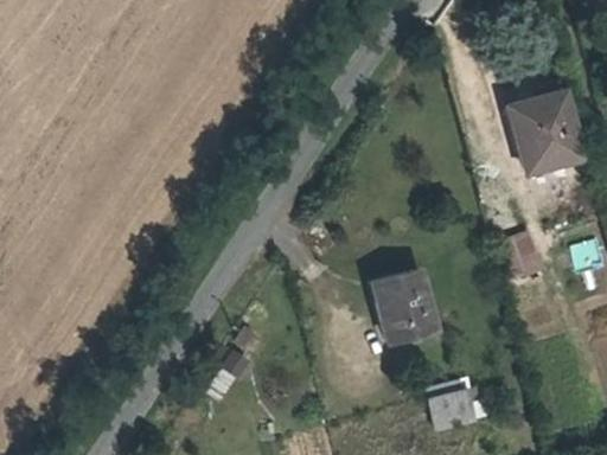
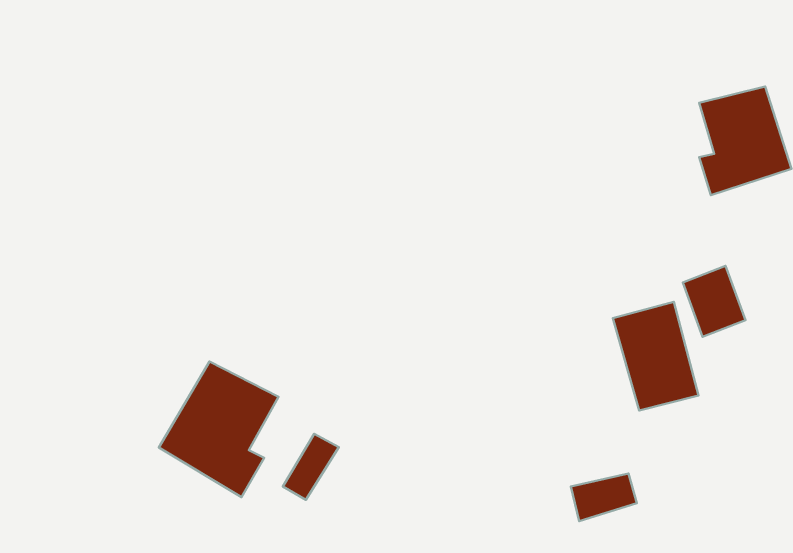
building: [368,256,429,334] -> [613,302,698,410]
building: none -> [159,362,279,497]

